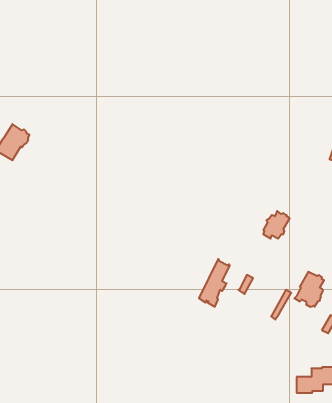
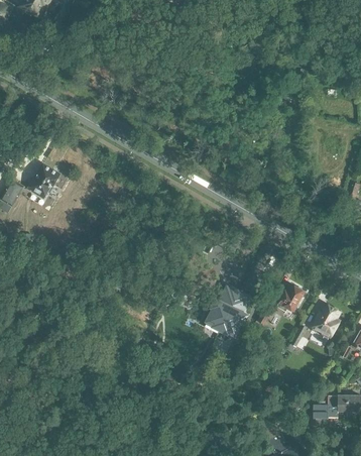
building: [263,211,290,239] -> [279,286,305,312]
building: none -> [206,287,239,330]

